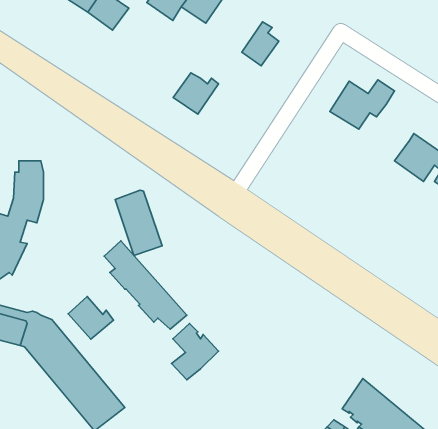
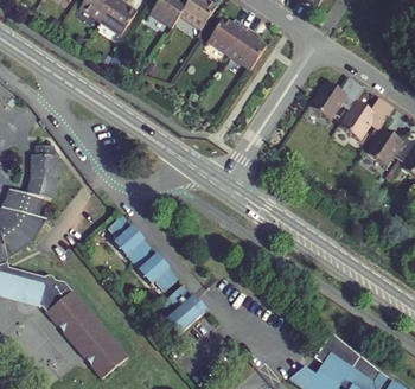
building: [173,73,218,114] -> [209,18,248,53]
building: none -> [337,97,390,139]
building: [115,190,162,256] -> none
building: [68,296,113,339] -> none

